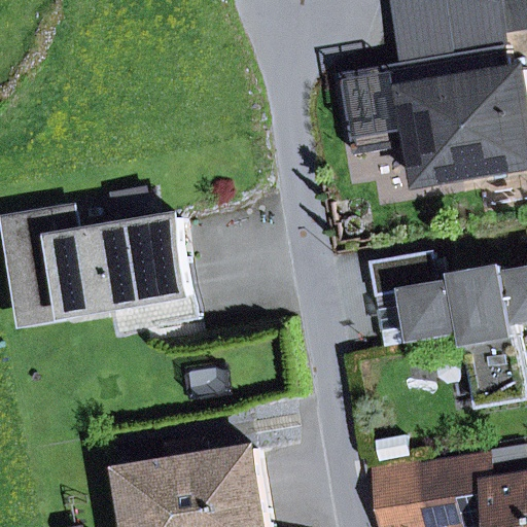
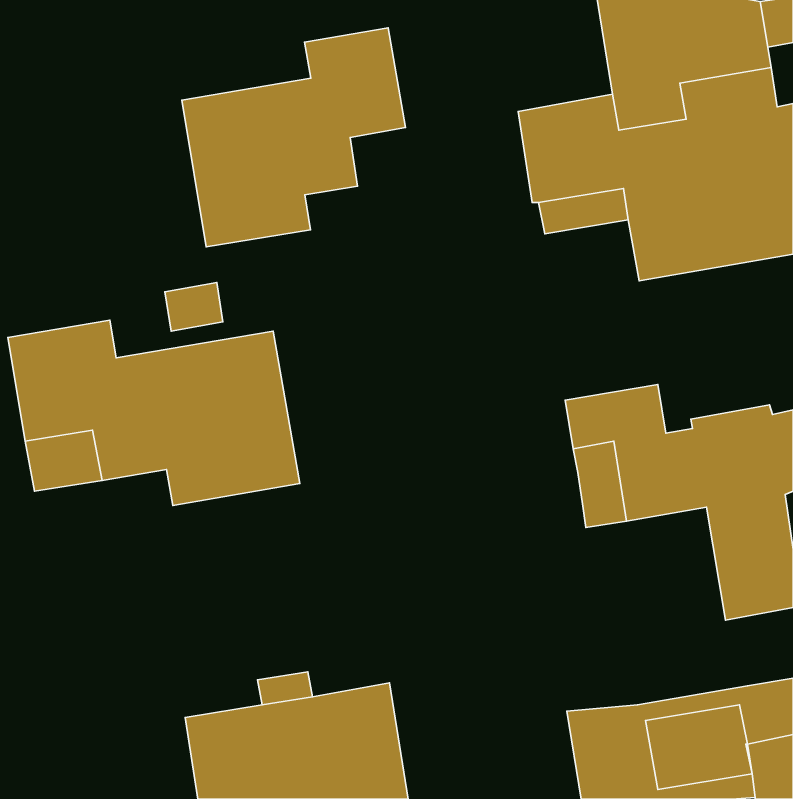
building: none -> [182,28,405,247]

